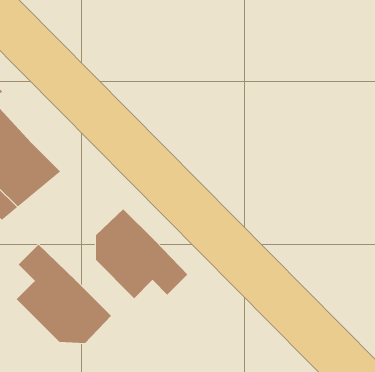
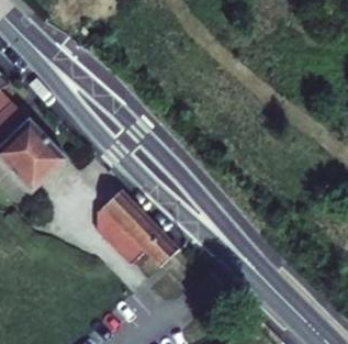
building: [16,244,112,344] -> none

